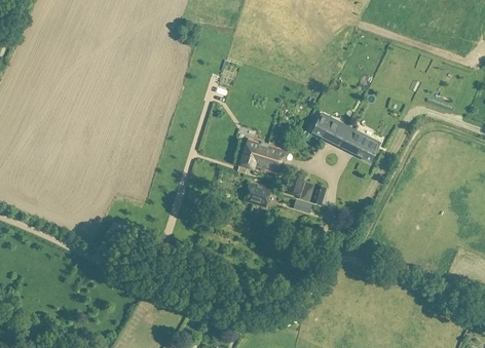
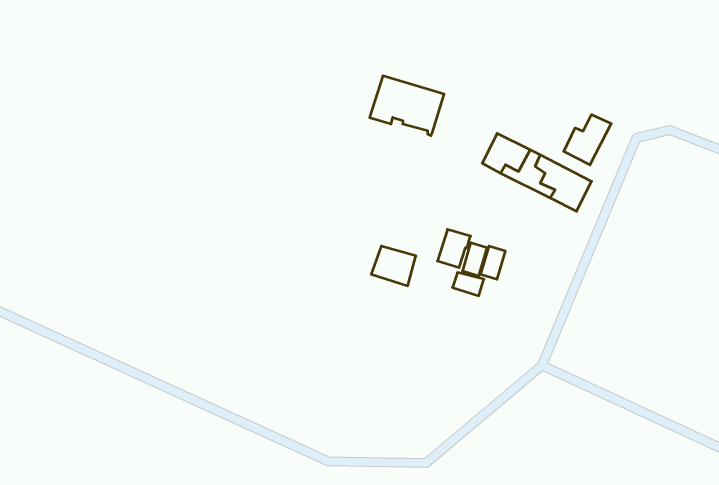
building: none -> [564,115,611,165]
building: [239,139,286,176] -> [370,76,444,136]

